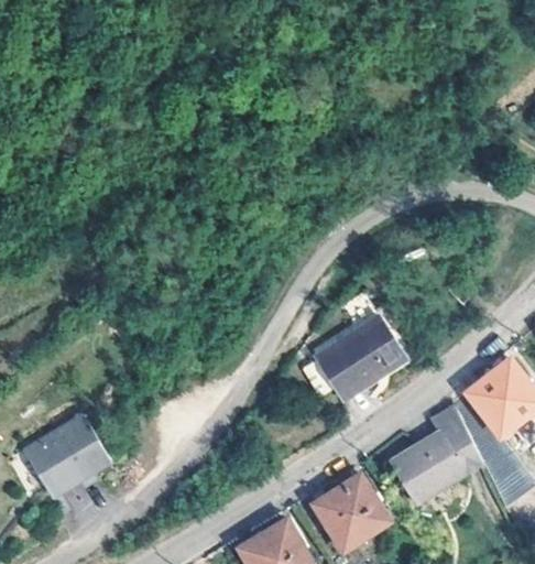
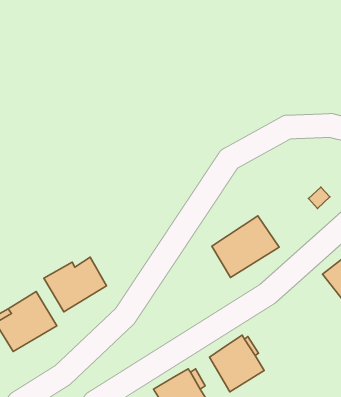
building: none -> [44,257,106,312]
building: [387,410,482,502] -> none

